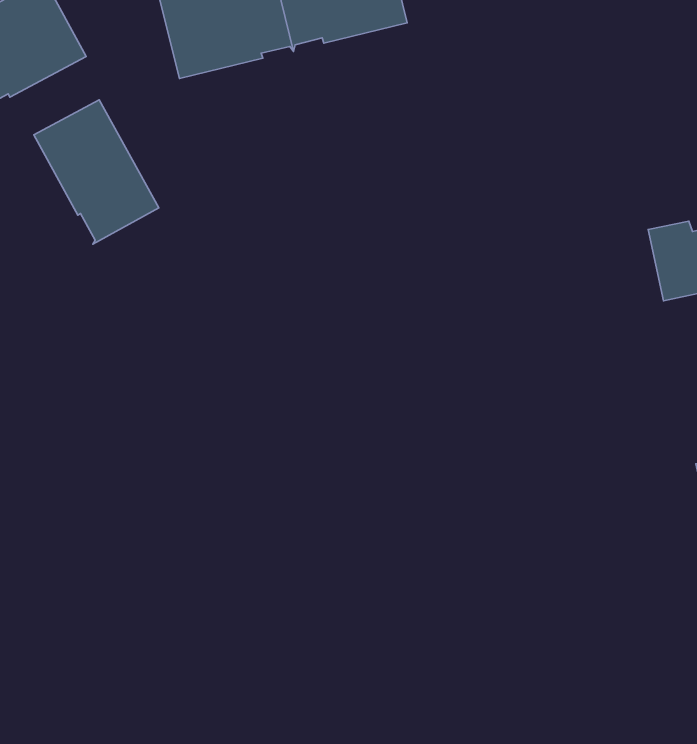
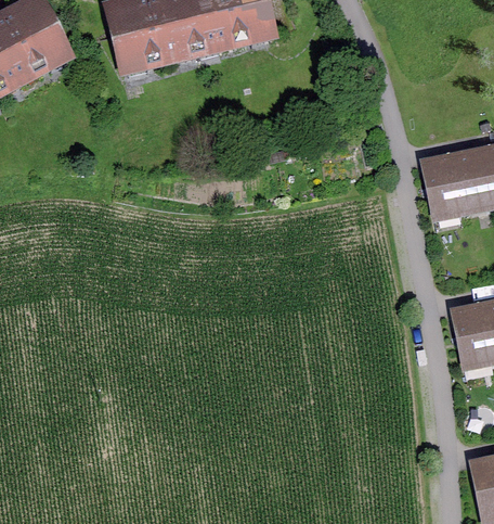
building: [34,100,159,244] -> none

